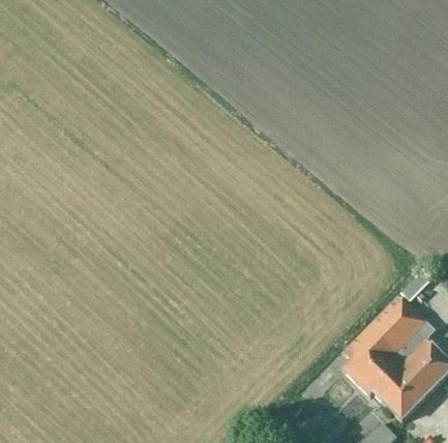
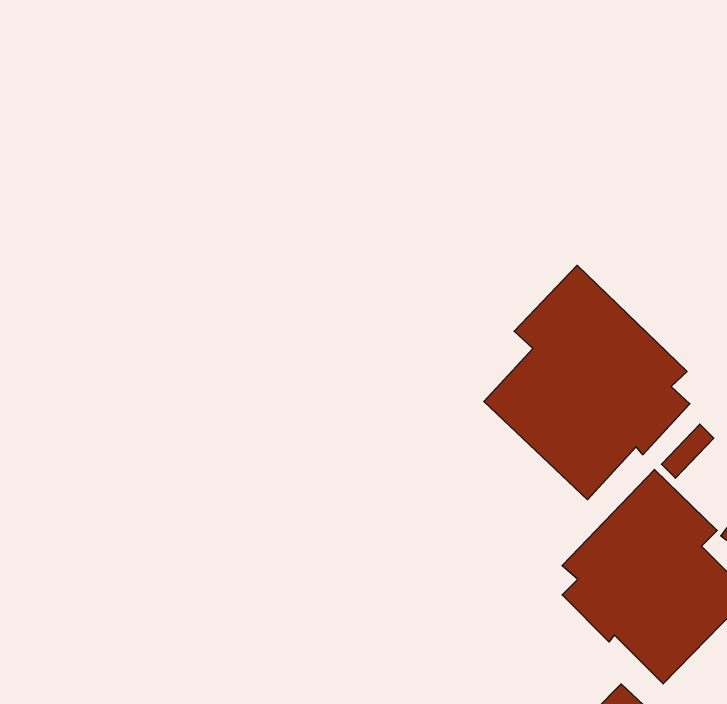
building: none -> [484,265,690,500]

